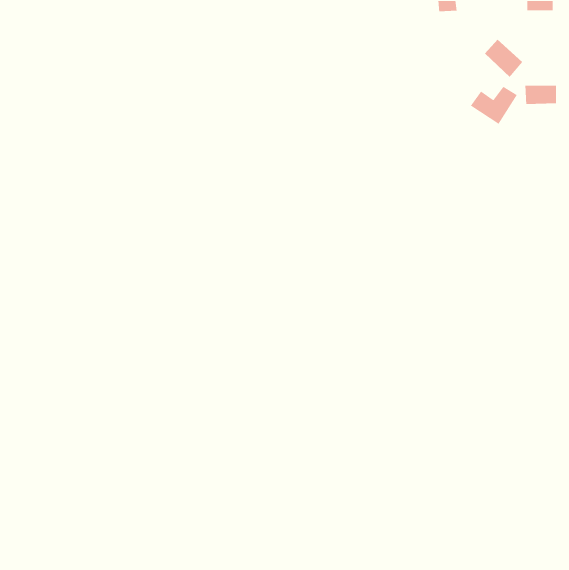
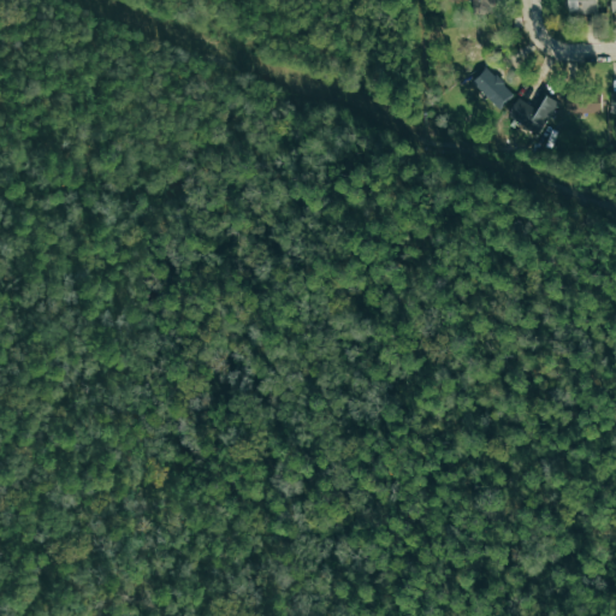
building: [484,39,523,78] -> [473,67,515,109]

